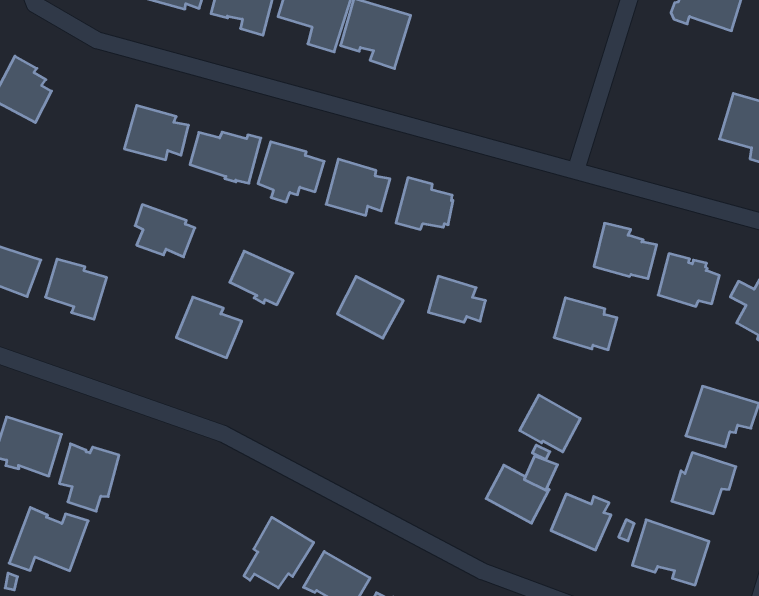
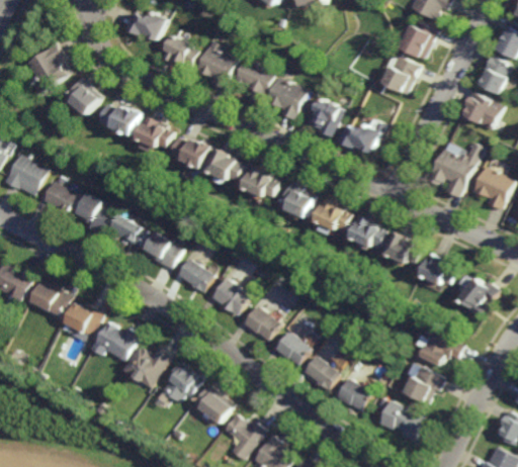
building: none -> [307,98,344,137]
building: none -> [341,122,383,155]
building: none -> [424,144,480,199]
building: none -> [98,104,140,137]
building: [135,205,195,257] -> [112,212,147,246]
building: [230,251,293,305] -> [177,260,213,293]
building: [428,276,486,322] -> [316,199,349,228]
building: [337,276,403,338] -> [211,276,250,313]
building: [554,298,617,350] -> [350,212,387,246]
building: [520,395,580,452] -> [275,330,311,364]
building: none -> [244,304,280,339]
building: none -> [122,345,171,387]
building: [9,507,88,571] -> [90,319,139,359]

